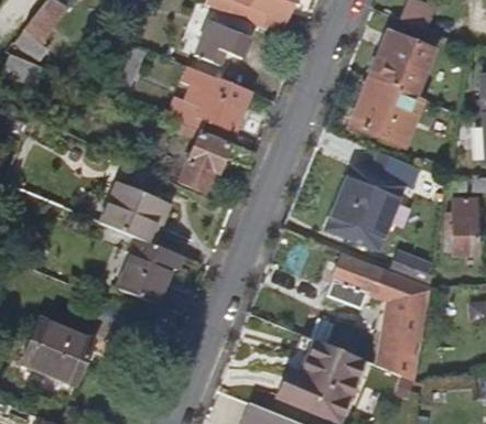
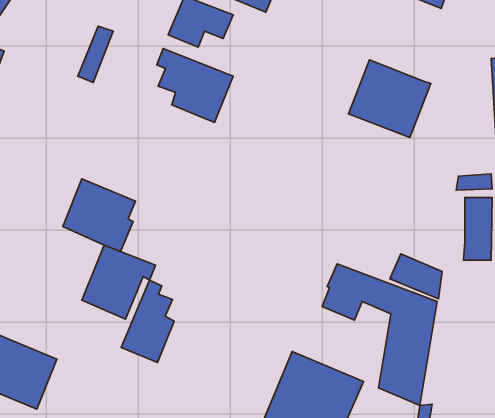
building: [370,30,435,95] -> none
building: [175,120,255,189] -> none
building: [326,154,421,252] -> none
building: none -> [121,280,174,362]

